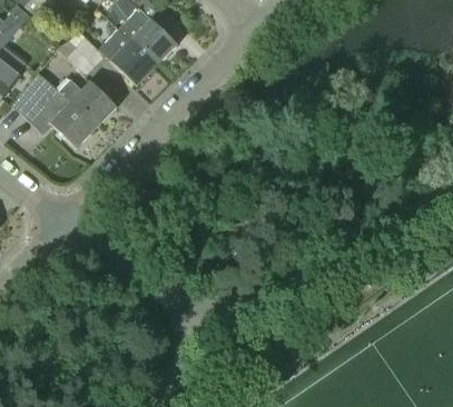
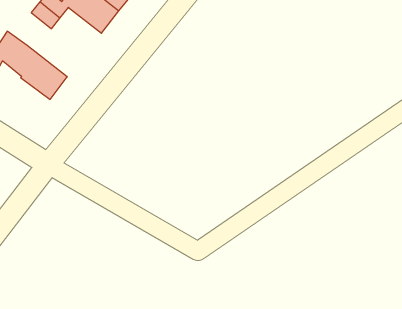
building: [58,78,116,126] -> none

